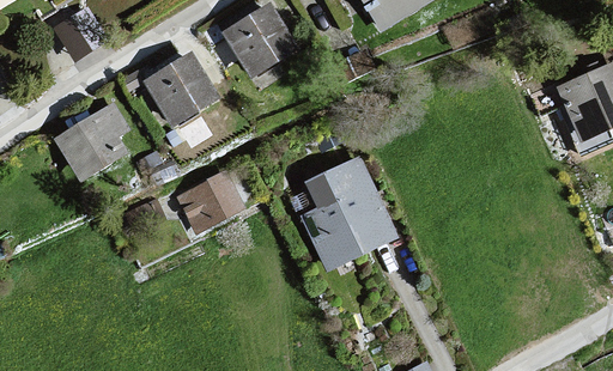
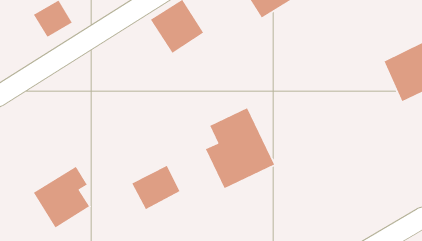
building: [141,54,220,133] -> none
building: [51,98,134,188] -> [33,166,90,228]
building: [176,169,247,233] -> [131,165,181,210]

